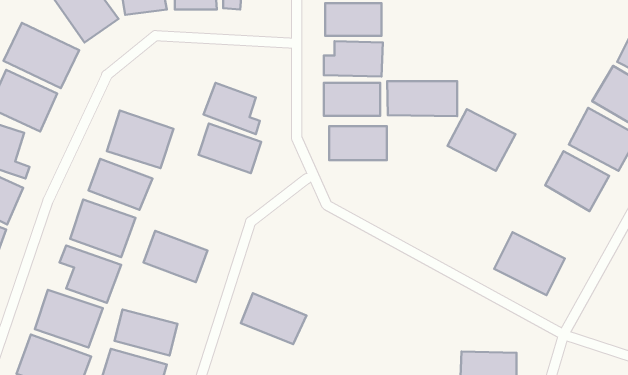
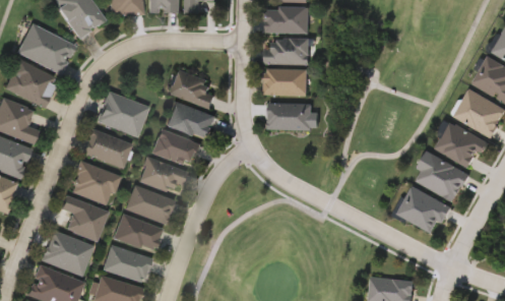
building: [387,81,457,116] -> none
building: [447,109,515,171] -> [417,154,469,201]
building: none -> [150,129,201,167]
building: none -> [137,157,187,196]
building: [241,293,306,344] -> [112,213,163,252]

